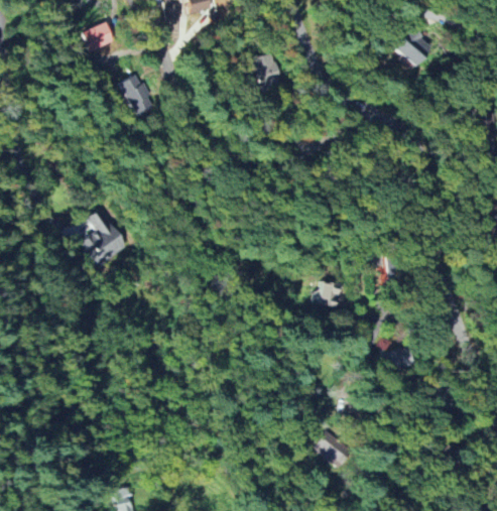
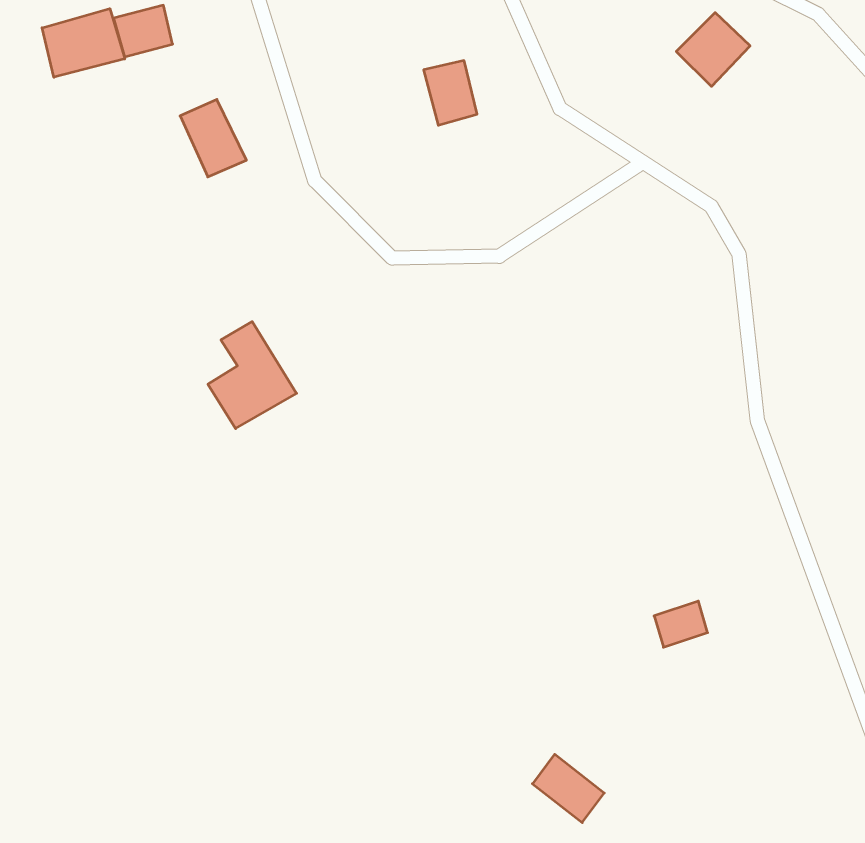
building: none -> [42,9,125,77]
building: [78,208,126,266] -> [208,322,297,429]
building: [316,281,339,306] -> none

